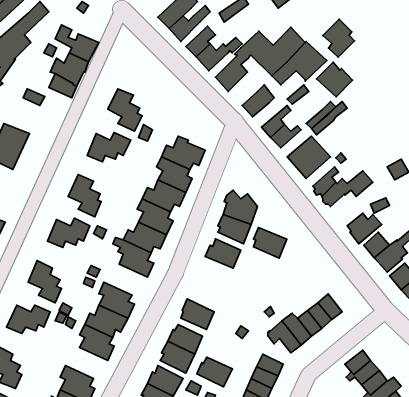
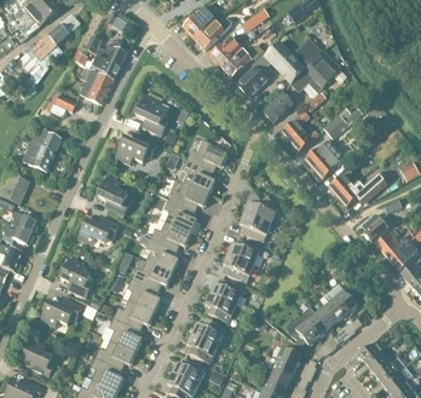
building: [323,19,355,57] -> none
building: [317,62,353,97] -> none
building: [253,227,287,258] -> [223,254,254,283]
building: none -> [132,261,173,290]
building: none -> [96,340,135,369]
building: [197,357,233,387] -> [210,278,244,306]

